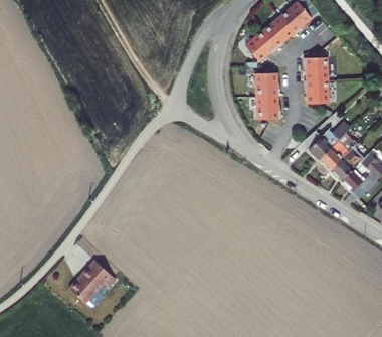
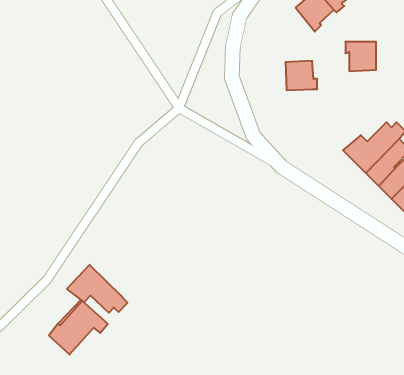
building: [246,30,279,61] -> none
building: [305,79,329,104] -> none
building: [257,95,282,119] -> none
building: none -> [67,265,127,313]

